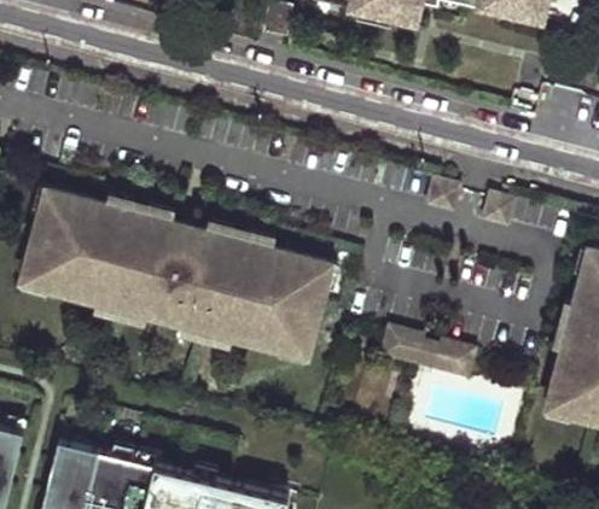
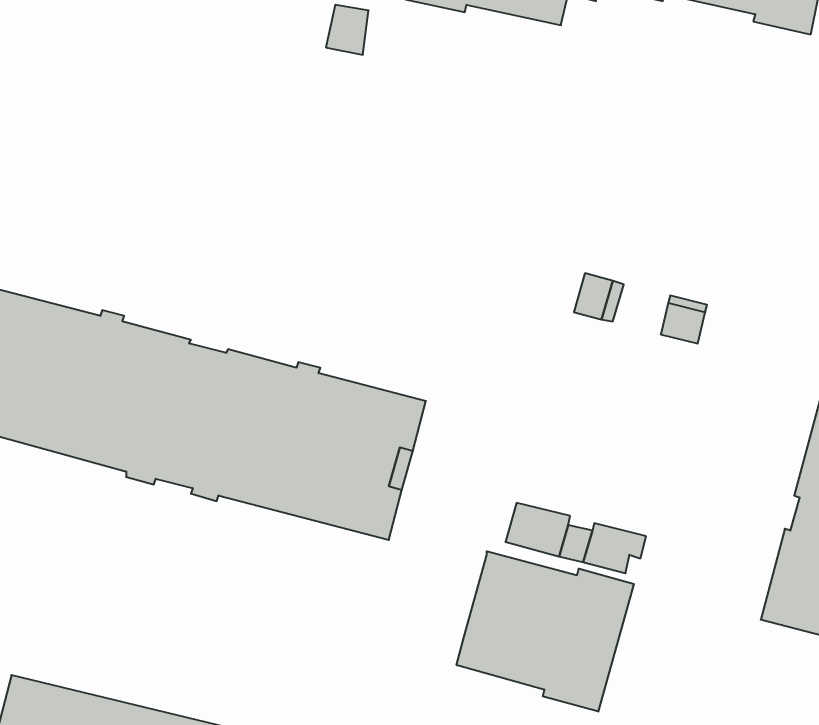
building: none -> [457,551,634,712]

